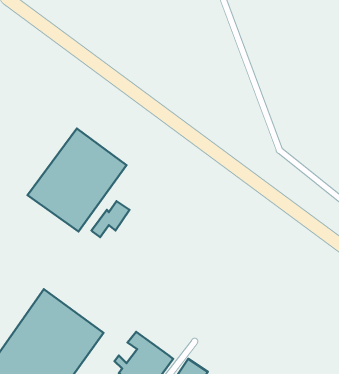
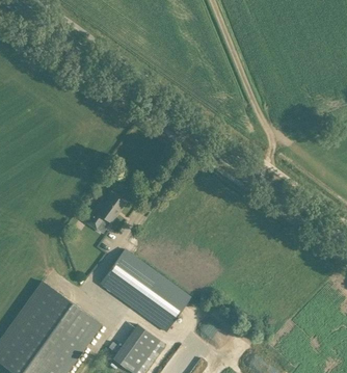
building: [28,128,127,232] -> none
building: none -> [101,250,191,332]

